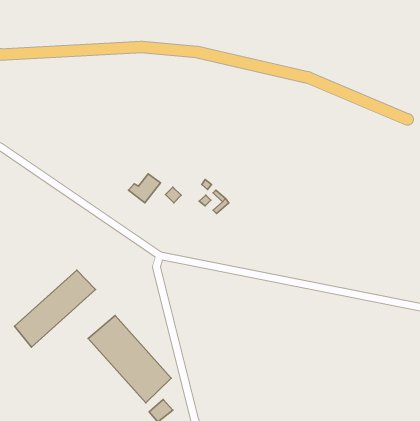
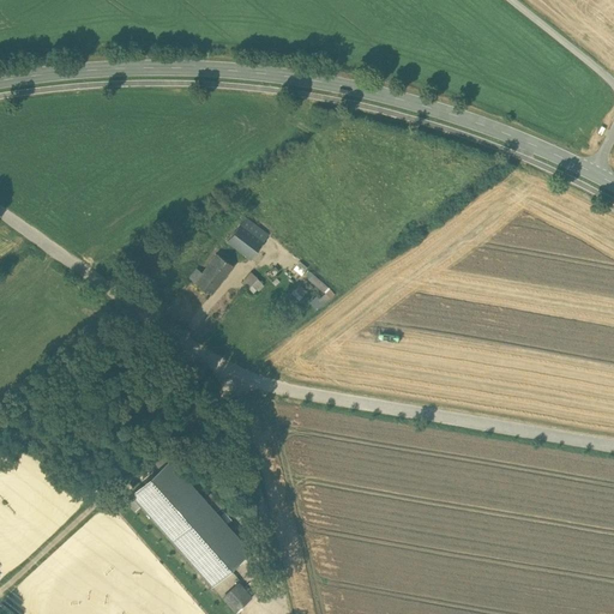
building: none -> [227,217,269,259]
building: [14,270,96,347] -> none

